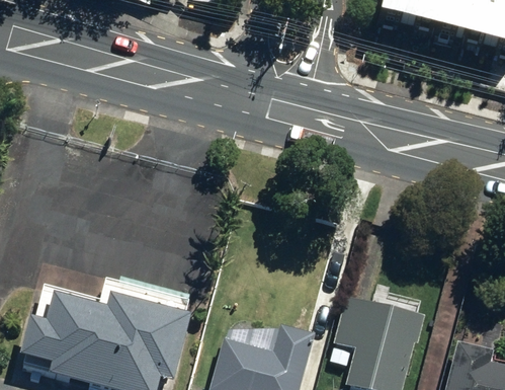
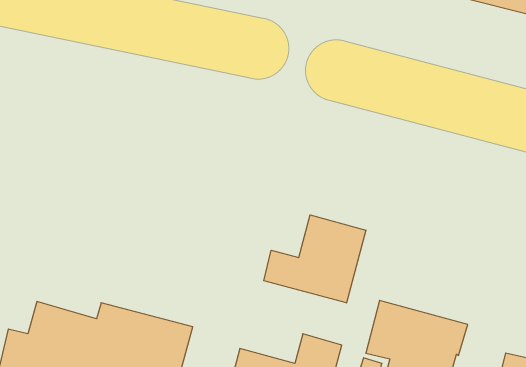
building: none -> [264,215,366,303]

